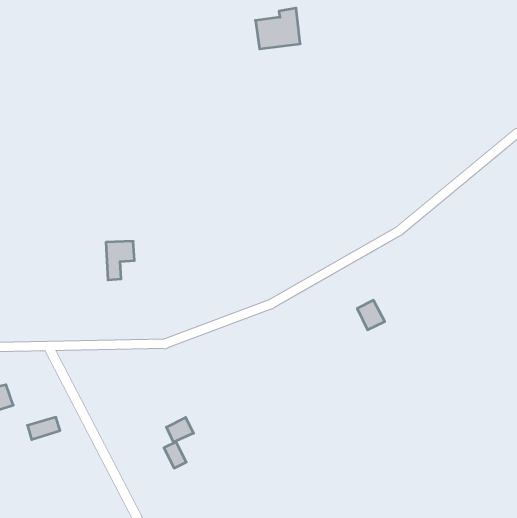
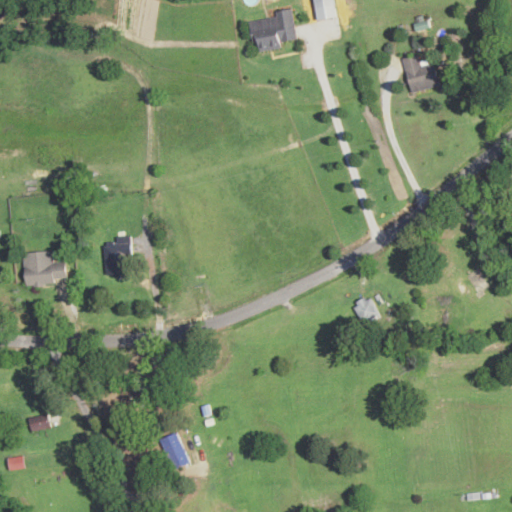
building: none -> [401,54,438,92]
building: none -> [23,261,65,283]
building: [166,417,194,442] -> none

